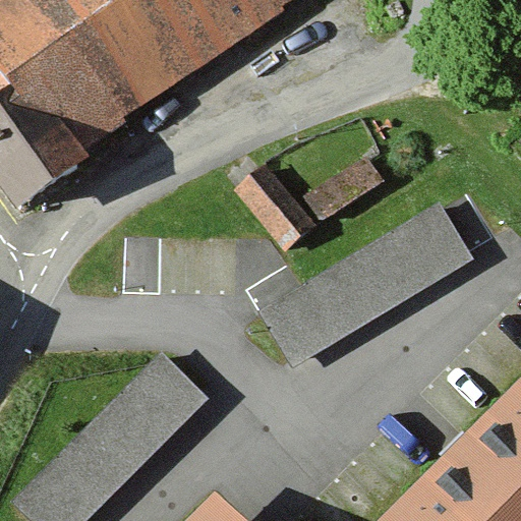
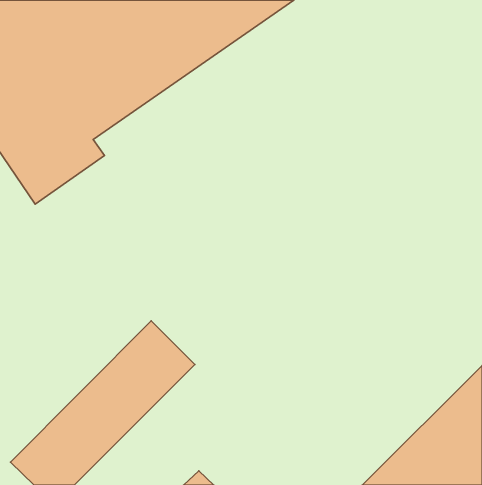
building: [230,165,317,258] -> none
building: [256,183,498,359] -> none

